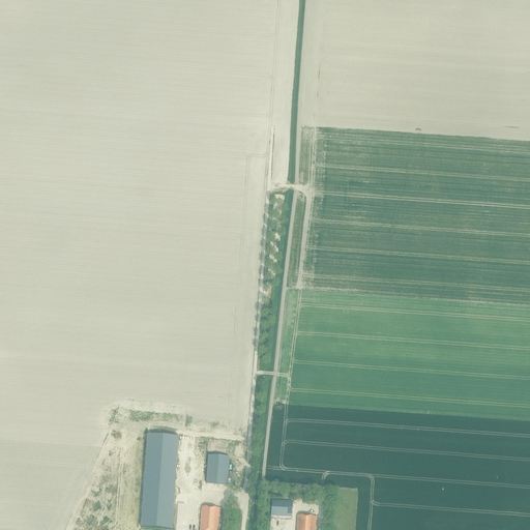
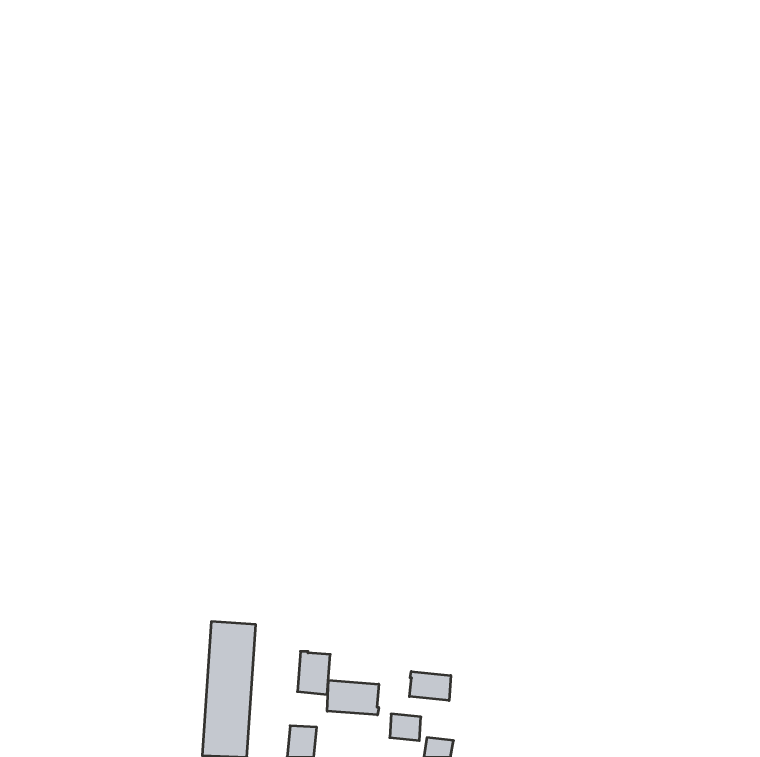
building: none -> [409,671,451,701]
building: none -> [327,680,379,715]

